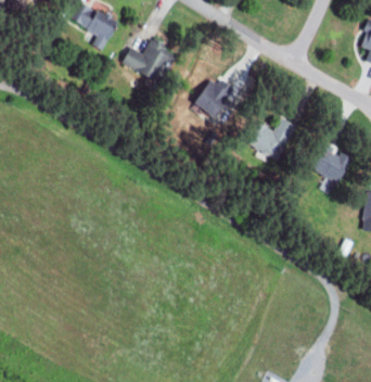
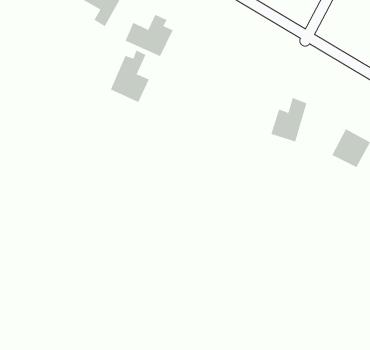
building: none -> [110,50,150,103]
building: [205,84,235,115] -> none

